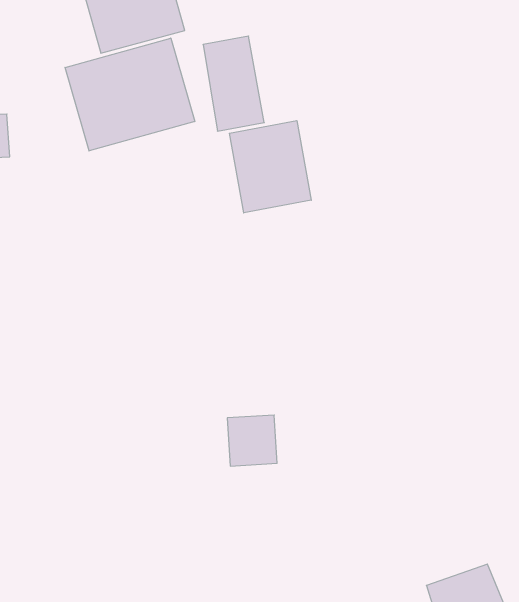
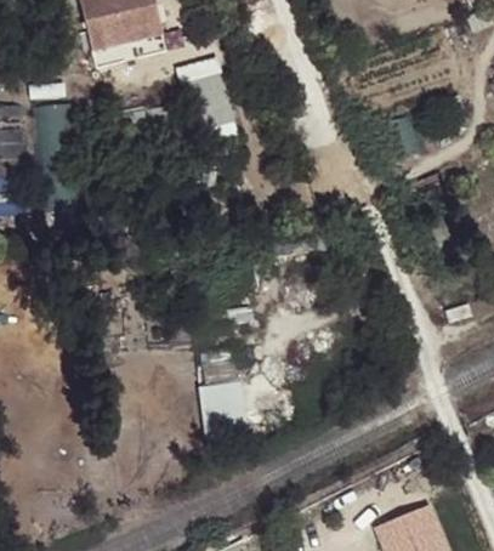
building: [65,38,195,151] -> none
building: [229,121,311,213] -> none

